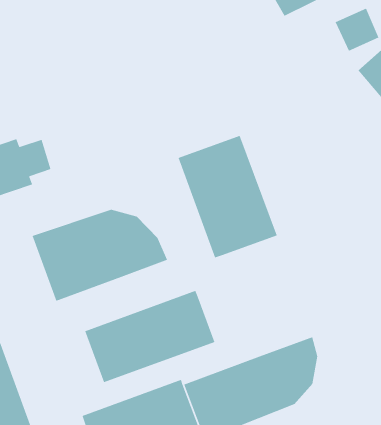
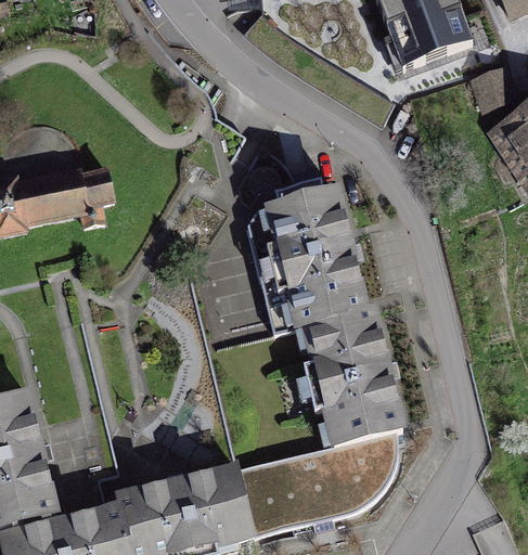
building: [32,209,168,302] -> none
building: none -> [299,311,403,450]
building: [84,290,216,383] -> none

